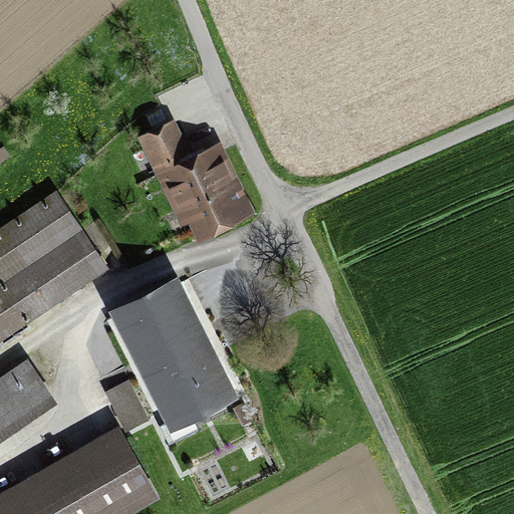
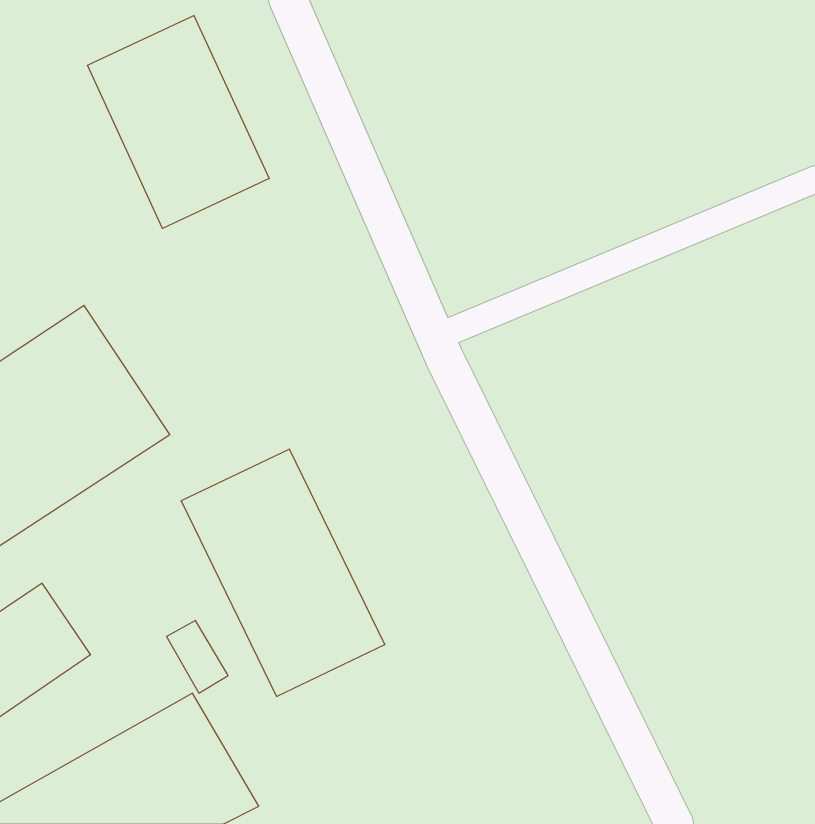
building: none -> [87,15,269,228]
building: [138,124,254,244] -> none

